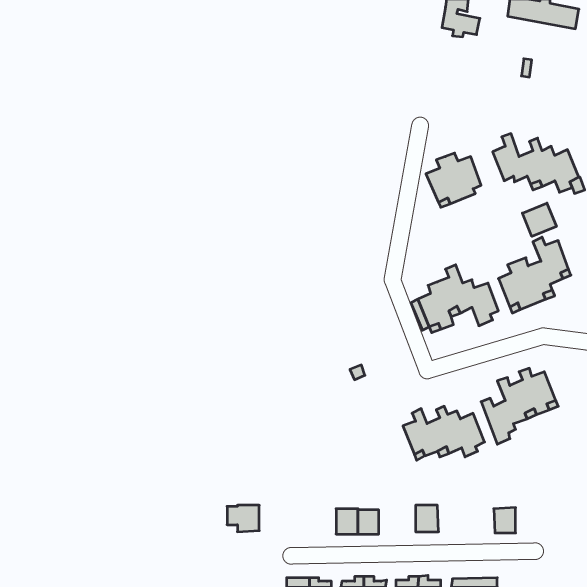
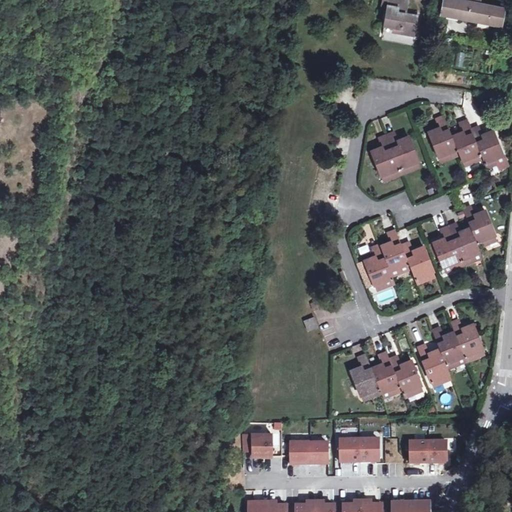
building: [522,203,556,236] -> none
building: [227,505,259,532] -> [243,433,271,456]
building: none -> [341,439,361,462]
building: none -> [411,442,430,463]

